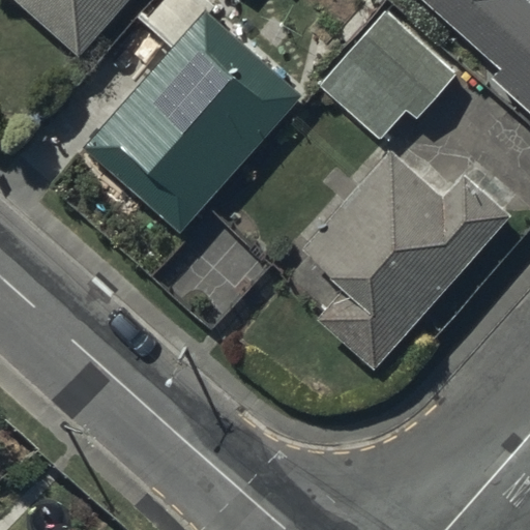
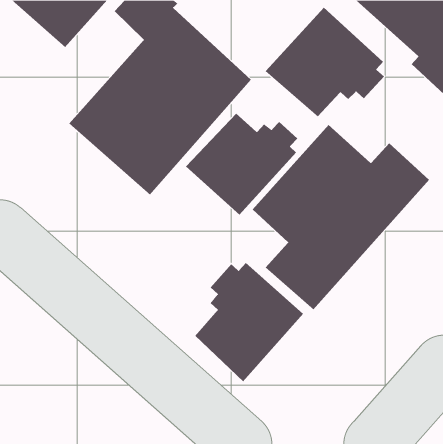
building: none -> [185,113,298,216]
building: none -> [194,262,304,382]

